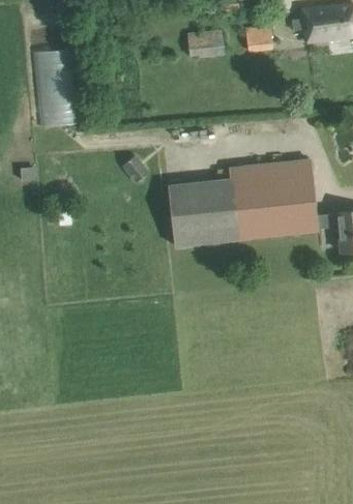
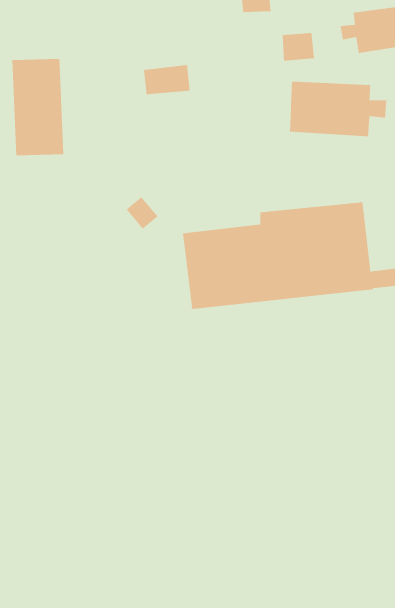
building: [187,31,225,55] -> [143,65,190,95]
building: none -> [290,81,387,137]

